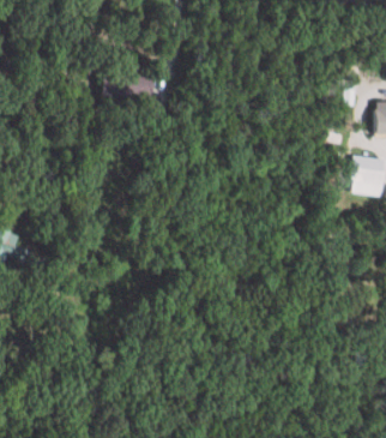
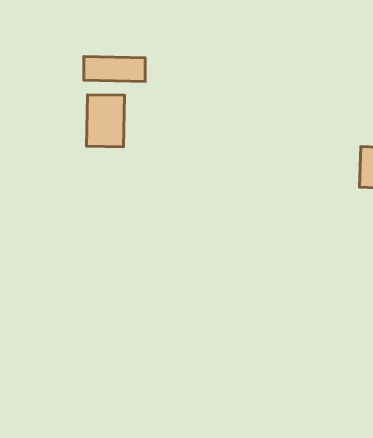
building: none -> [86,95,125,147]

